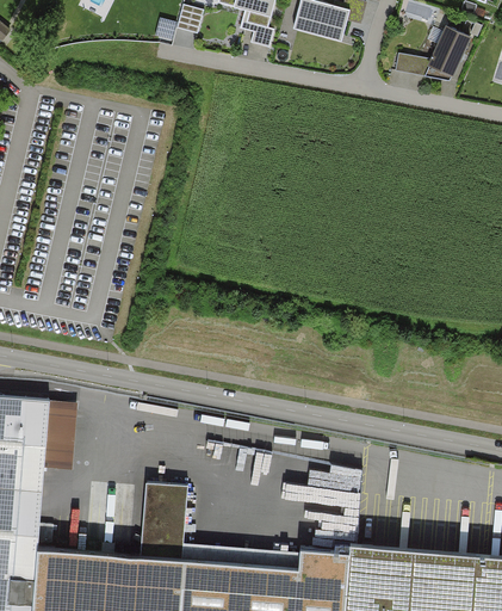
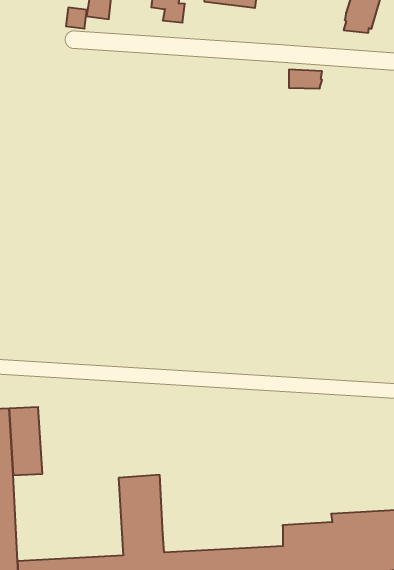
building: [395,53,429,75] -> [289,70,322,89]
building: [180,544,299,572] -> none

